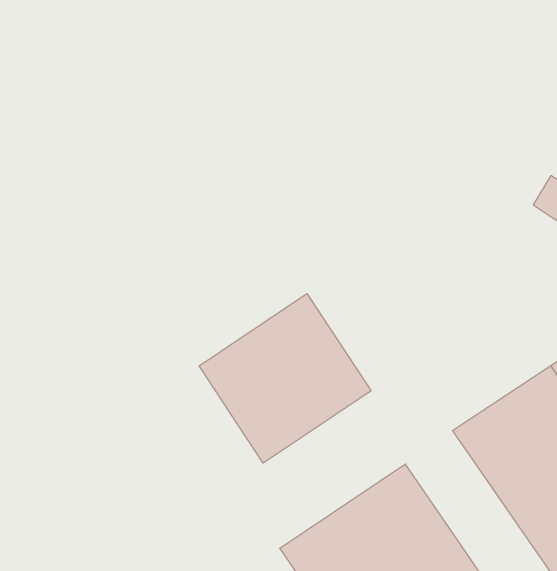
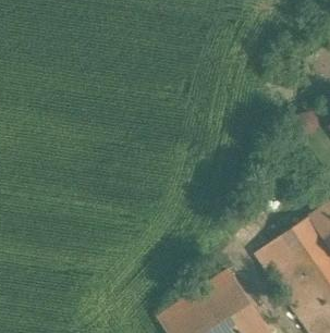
building: [199,294,371,463] -> none

